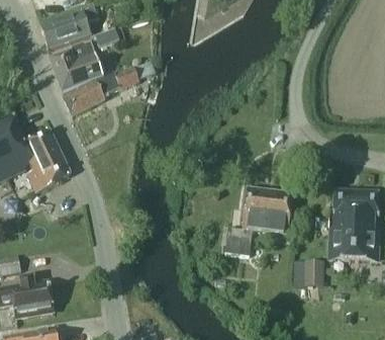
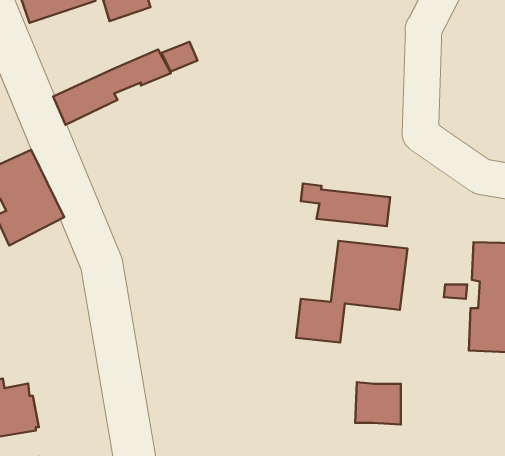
building: [50,41,103,96] -> none
building: none -> [301,184,390,226]
building: [294,260,323,287] -> [355,382,401,425]

